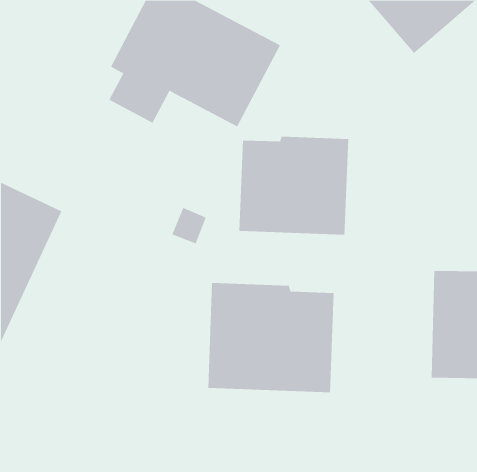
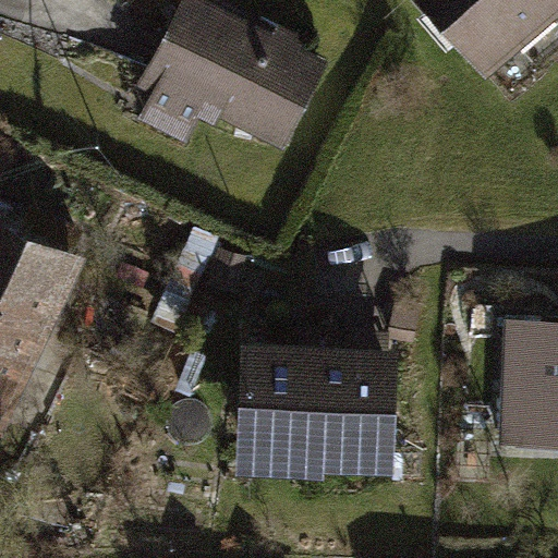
building: [239,136,349,235] -> none

